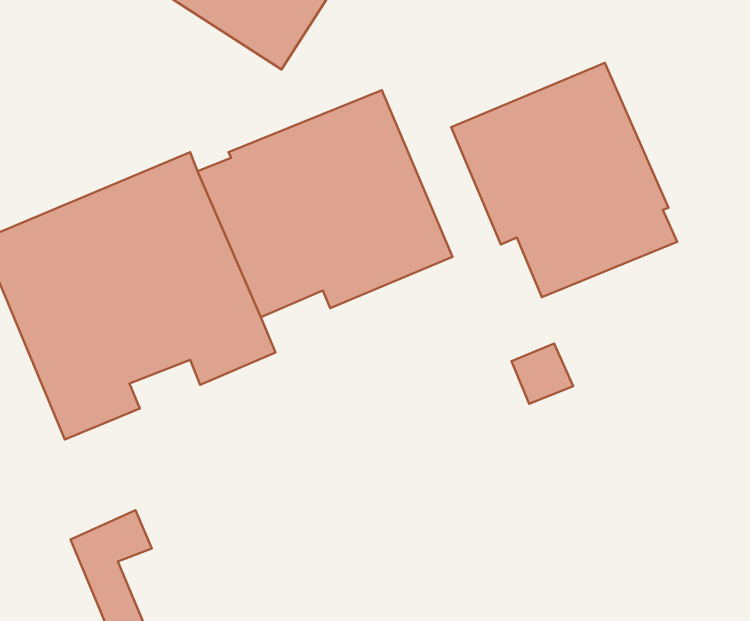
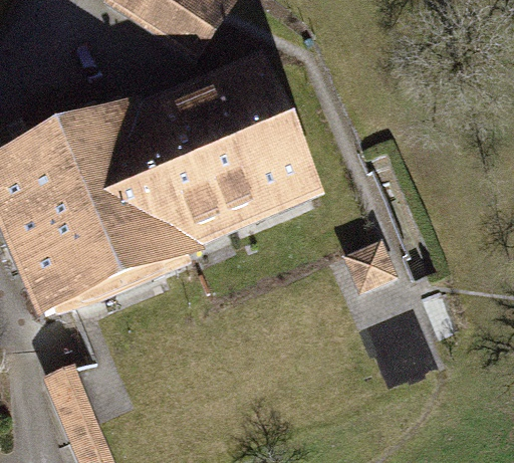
building: [451,63,677,297] -> none

